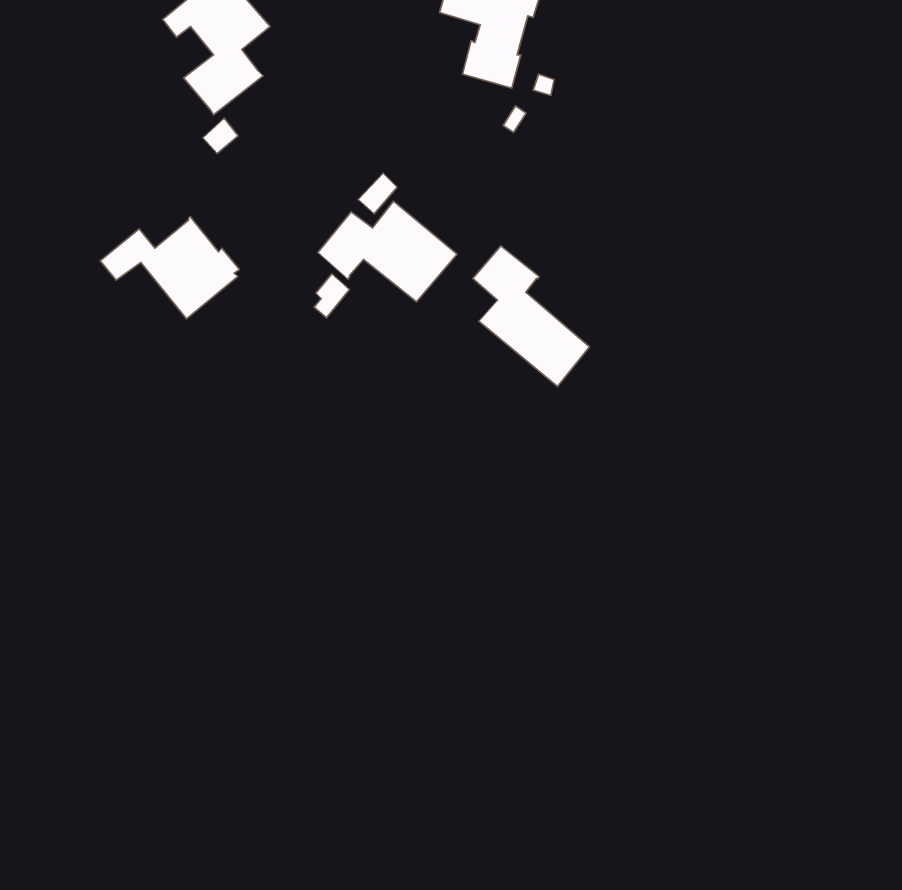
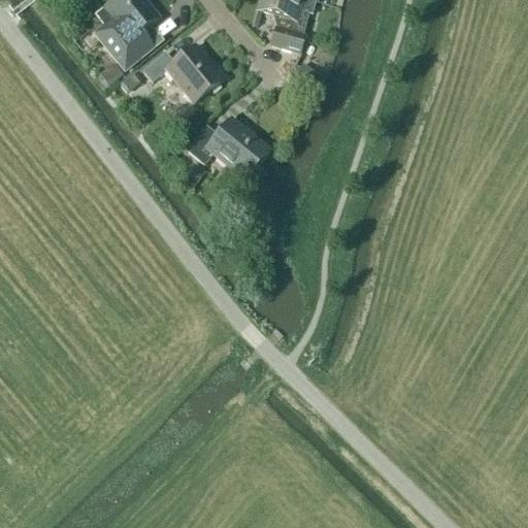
building: [100,217,240,319] -> [142,42,224,102]
building: [473,246,590,387] -> none

